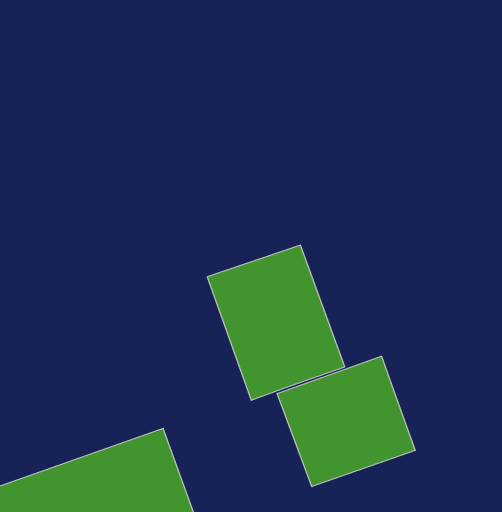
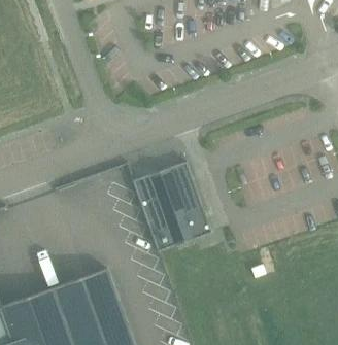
building: [277,356,415,487] -> none

